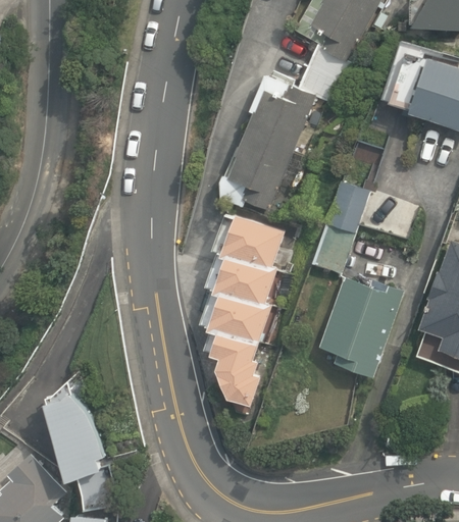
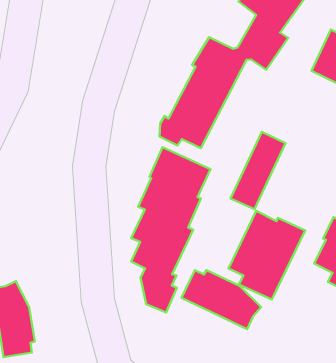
building: none -> [181,270,261,329]

